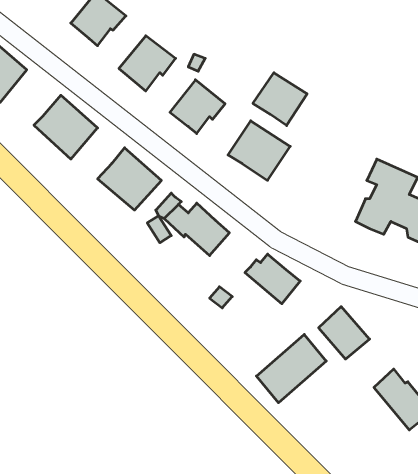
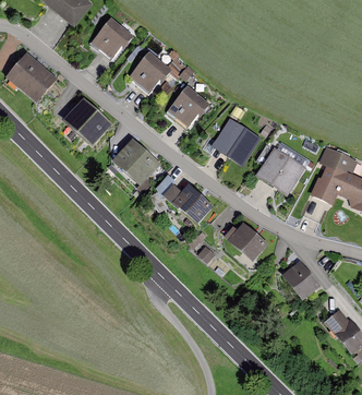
building: [253,73,307,126] -> none
building: none -> [255,147,305,196]
building: [256,334,326,403] -> none

